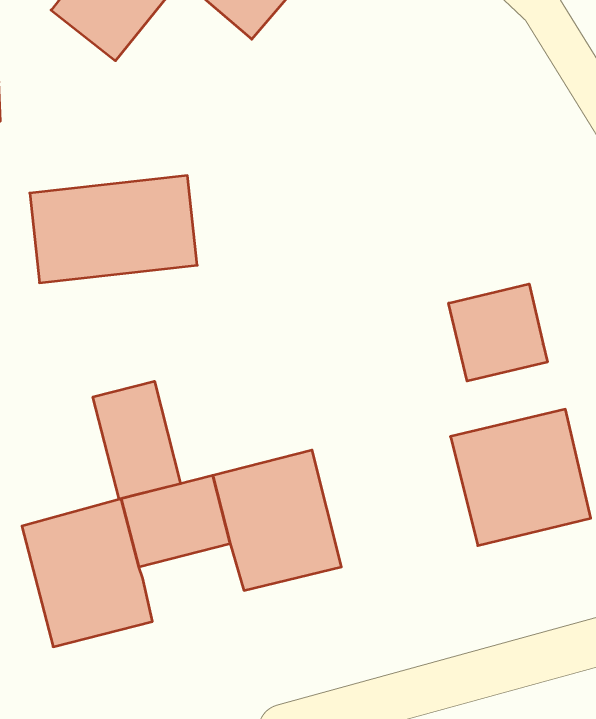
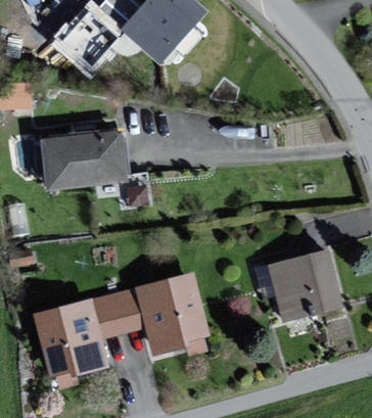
building: [449,284,547,381] -> none
building: [93,381,181,499] -> none

